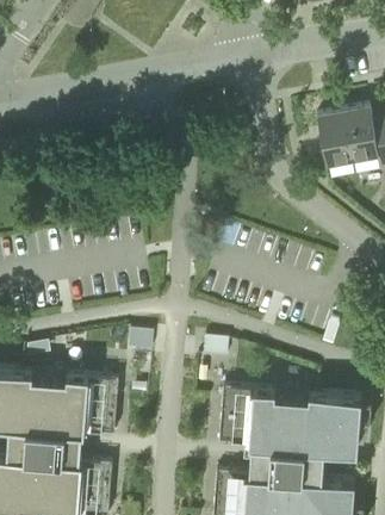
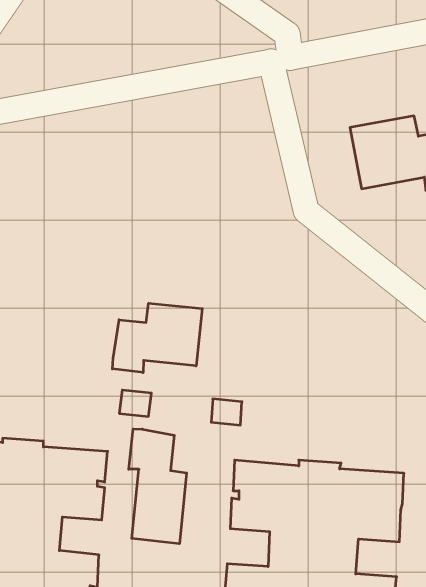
building: none -> [112,303,202,373]
building: none -> [129,429,187,544]

